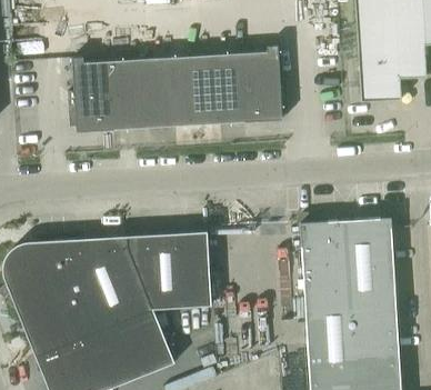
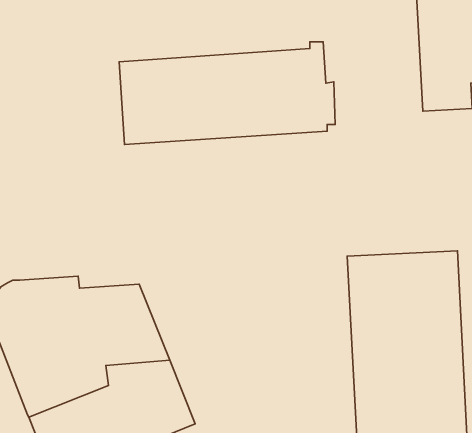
building: [68,54,114,130] -> none
building: [127,230,210,308] -> none

